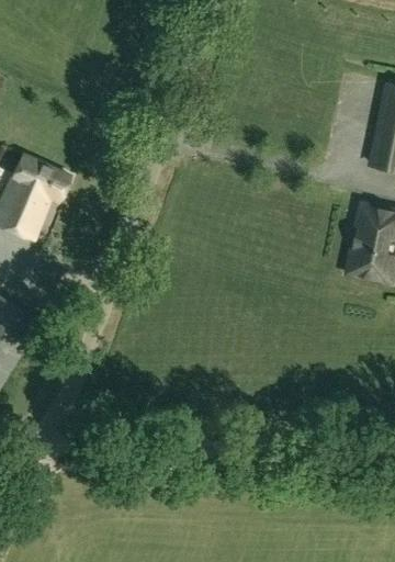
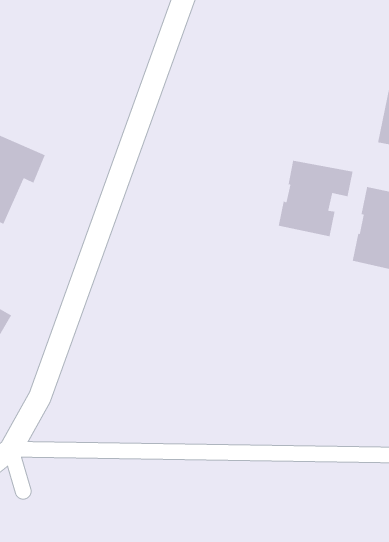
building: none -> [278,160,353,237]

